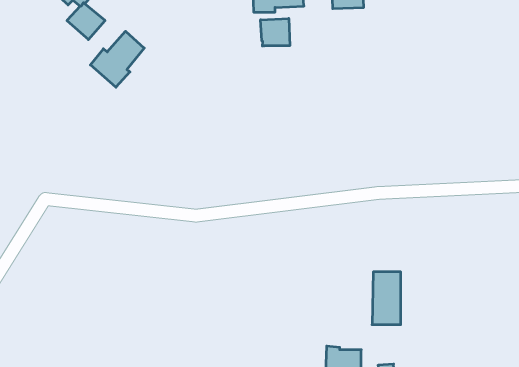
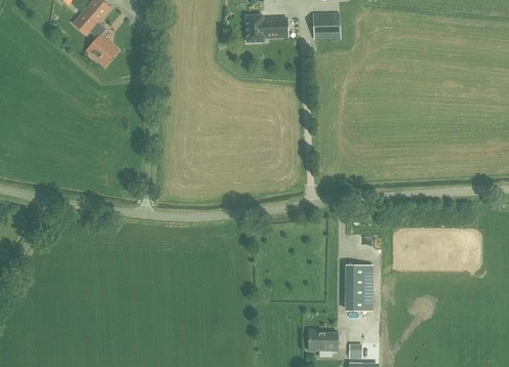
building: [261,18,290,46] -> none
building: [90,31,144,87] -> none

